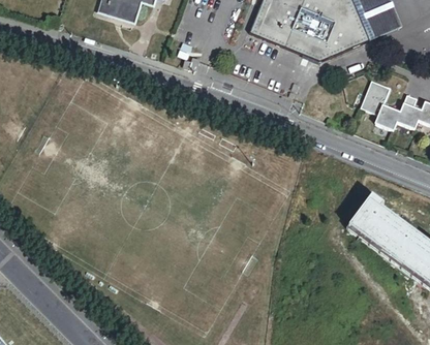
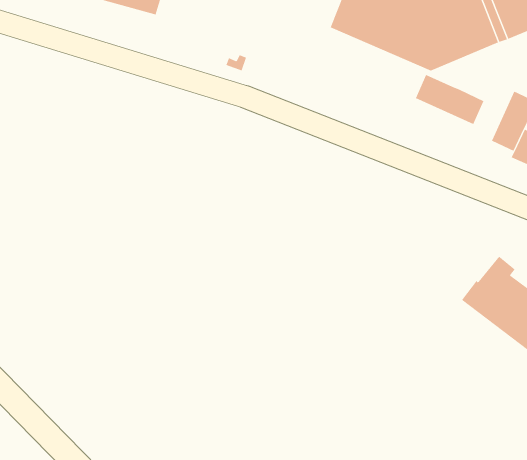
building: none -> [415,74,484,125]

